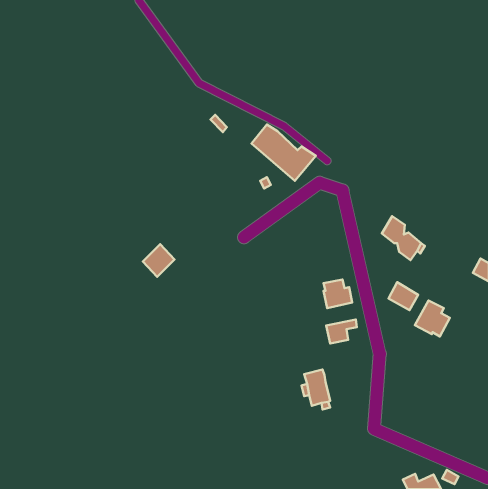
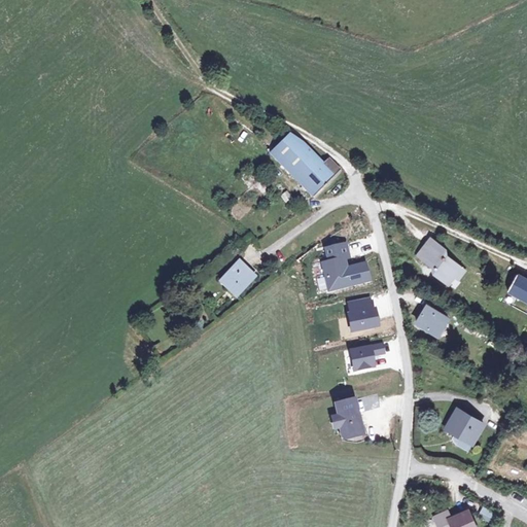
building: none -> [322,246,367,290]
building: [143,244,174,277] -> [216,261,250,296]
building: [415,301,450,337] -> none
building: none -> [445,409,482,443]

